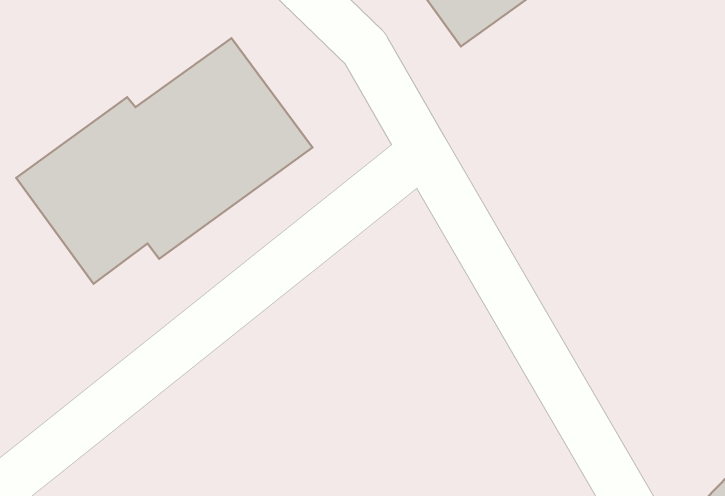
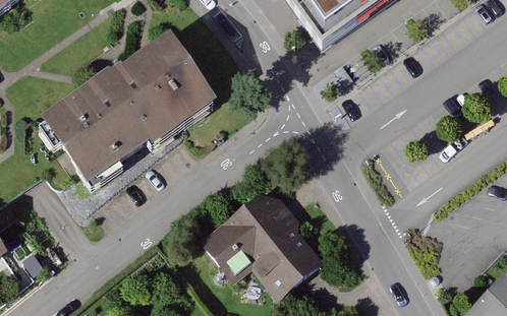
building: none -> [198,196,320,296]

